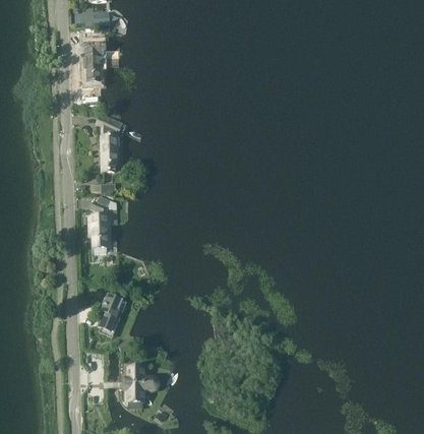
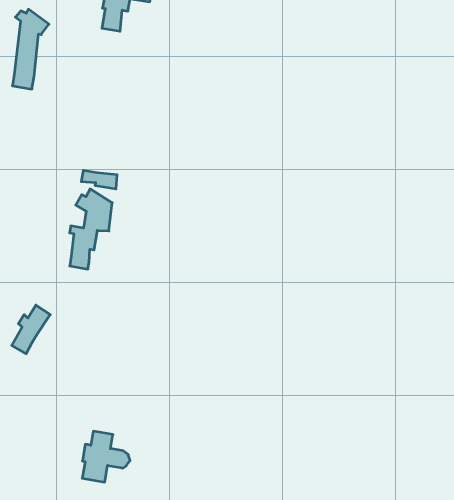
building: [98,115,122,171] -> [12,9,49,89]
building: [99,295,122,330] -> [12,305,50,354]

